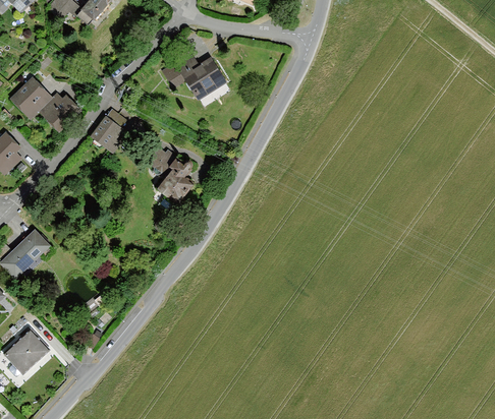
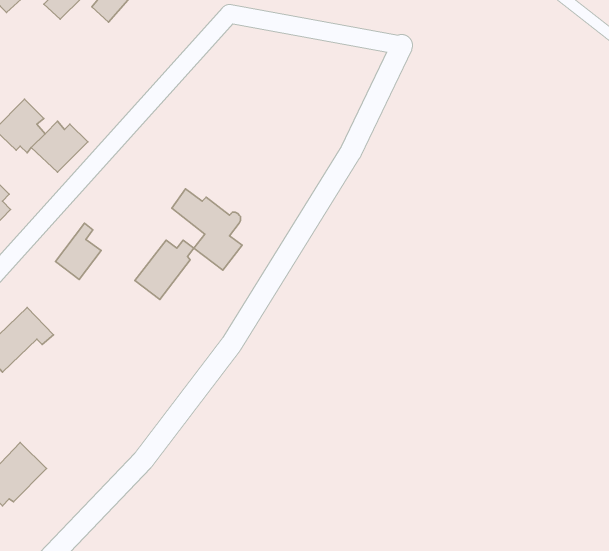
building: [164,54,226,99] -> none
building: [91,108,124,149] -> [56,223,101,280]
building: none -> [135,240,194,300]

